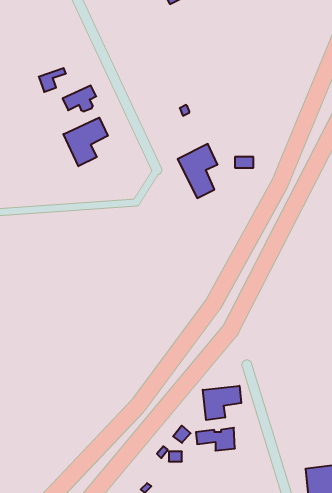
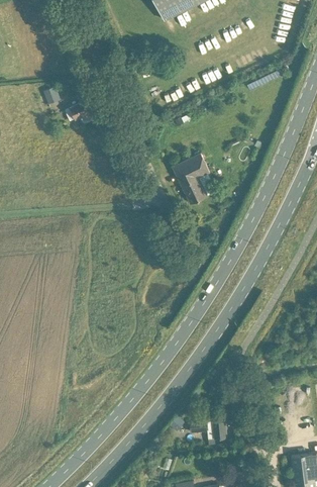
building: [63,118,108,166] -> none
building: [203,386,241,420] -> none

